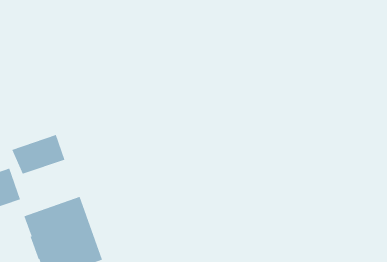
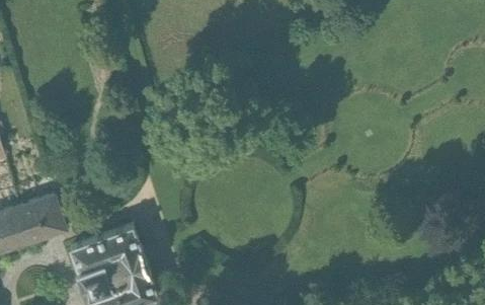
building: [12,134,65,175] -> none

